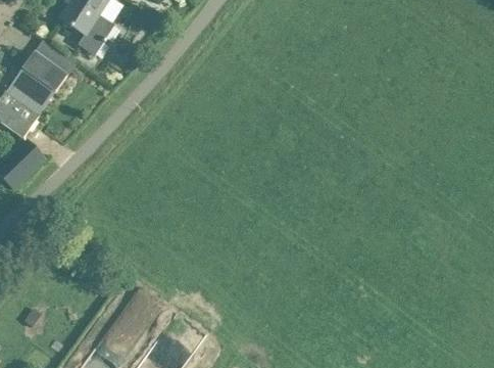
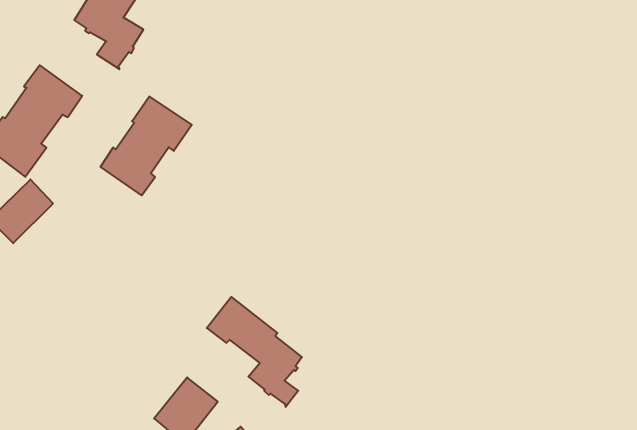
building: none -> [101,96,192,195]
building: none -> [207,297,302,407]

